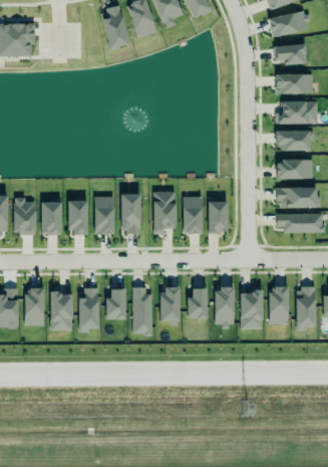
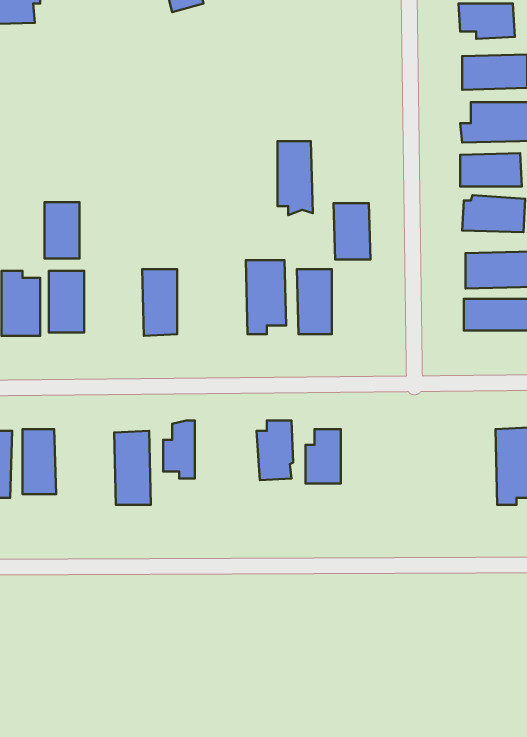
building: [120,190,140,232] -> [278,141,313,215]
building: [68,201,88,233] -> [44,202,80,258]
building: [208,201,229,233] -> [334,203,370,259]
building: [268,281,292,321] -> none
building: [240,285,263,328] -> none
building: [133,287,153,335] -> none
building: [215,287,235,326] -> none
building: [51,292,73,331] -> none

